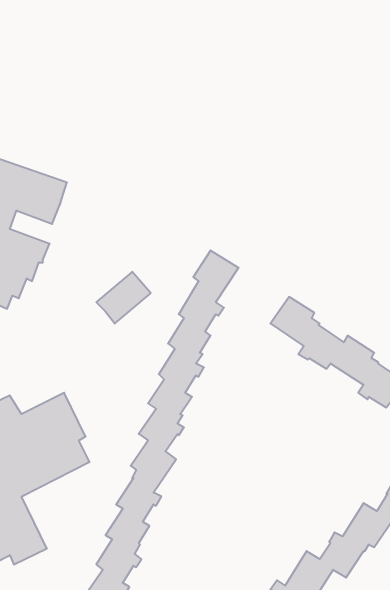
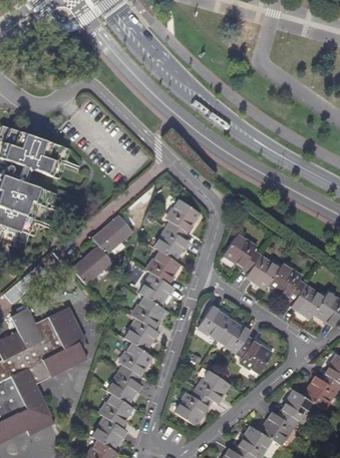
building: none -> [72,245,113,284]
building: none -> [199,306,273,374]
building: none -> [175,370,229,425]

